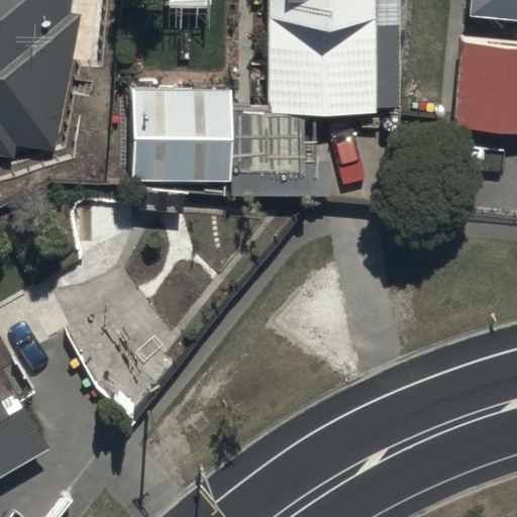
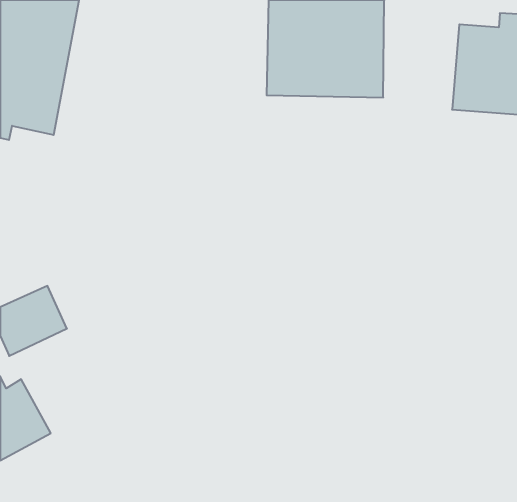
building: [129,85,233,179] -> none

